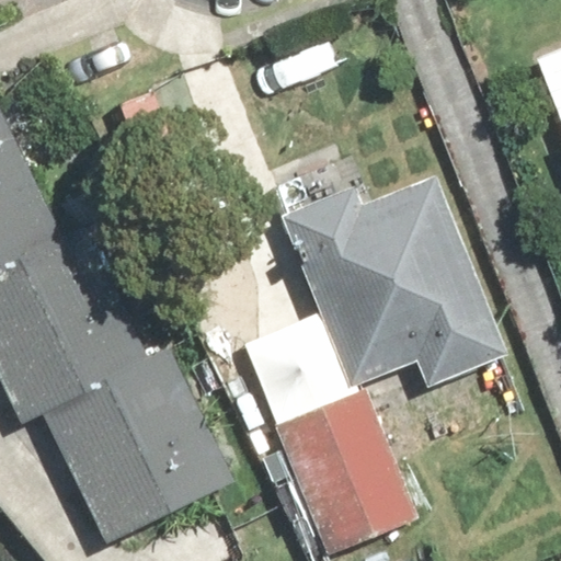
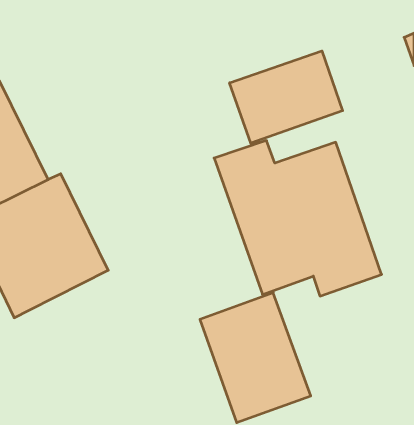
building: none -> [230,51,343,143]
building: [38,342,238,542] -> none

